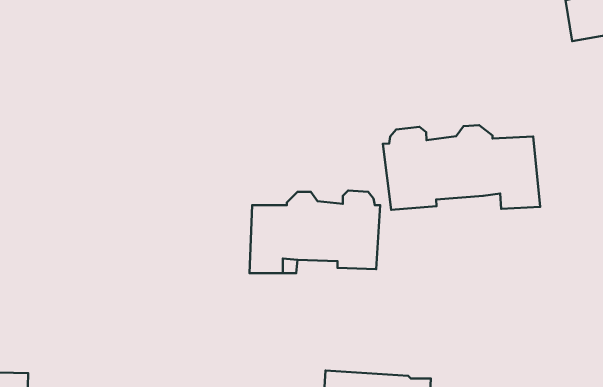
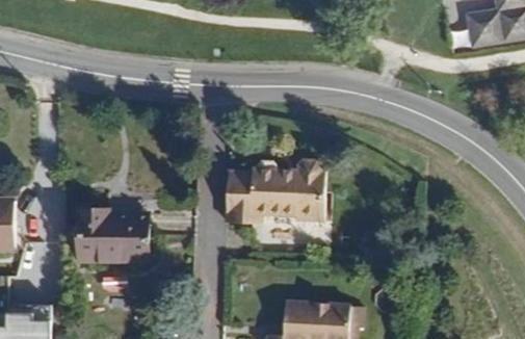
building: [383,125,540,210] -> none
building: none -> [76,209,148,263]

